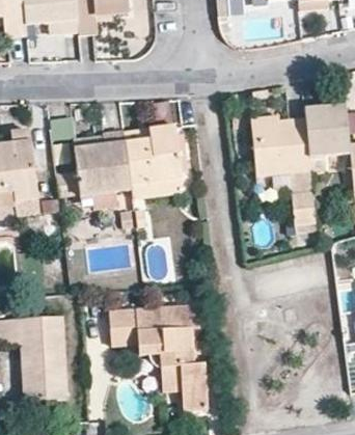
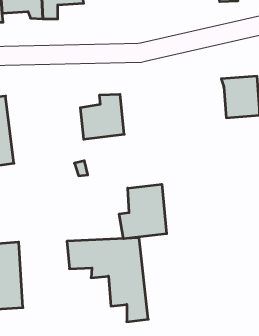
building: [253,117,315,223] -> none
building: [76,132,131,195] -> none
building: none -> [119,184,167,239]

